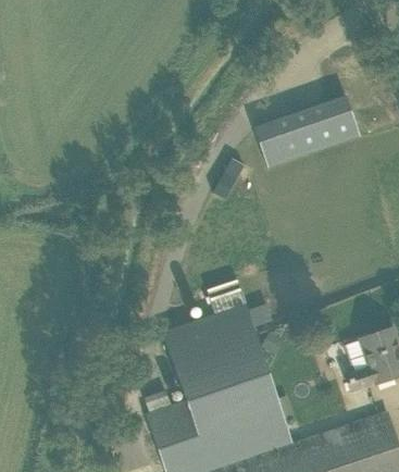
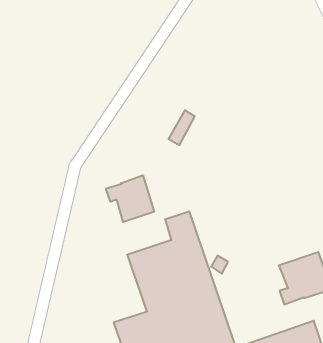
building: [254,96,360,167] -> none
building: none -> [106,175,154,222]

